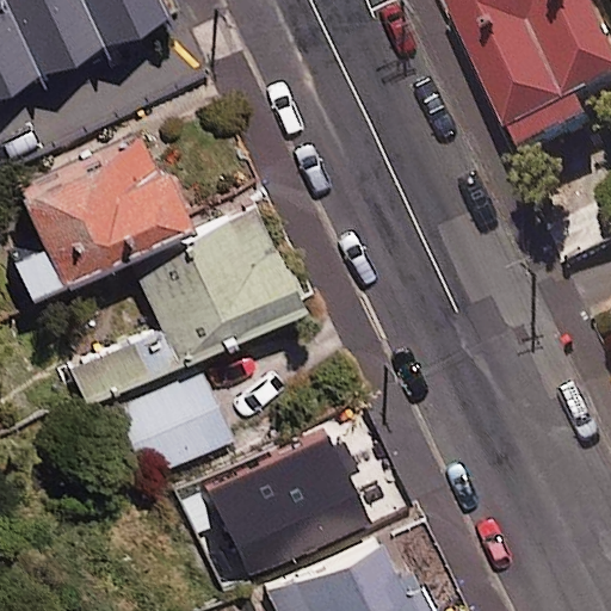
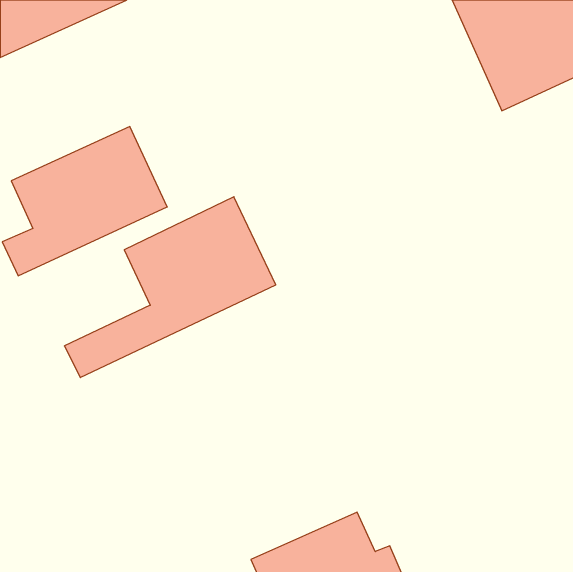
building: [118,374,230,477] -> none
building: [241,424,395,586] -> none

